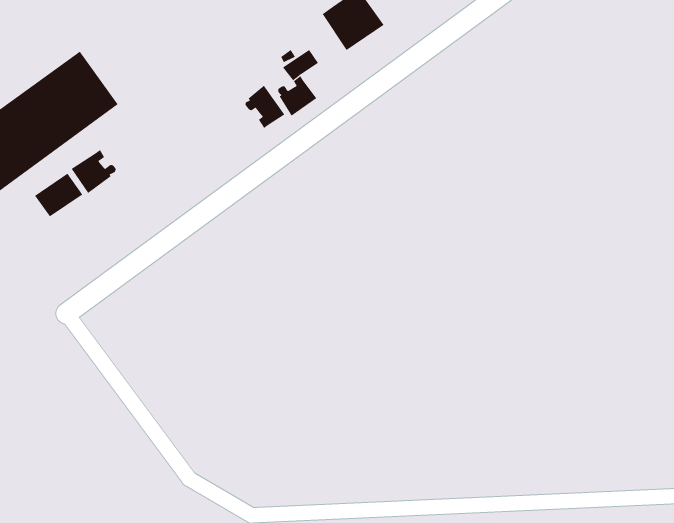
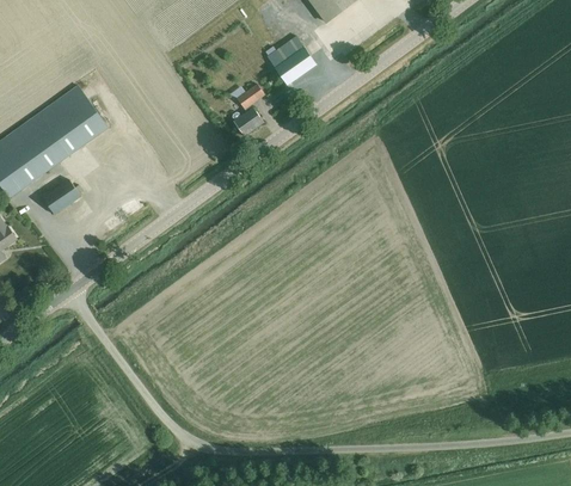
building: [245,85,285,129] -> none
building: [71,149,117,194] -> none

